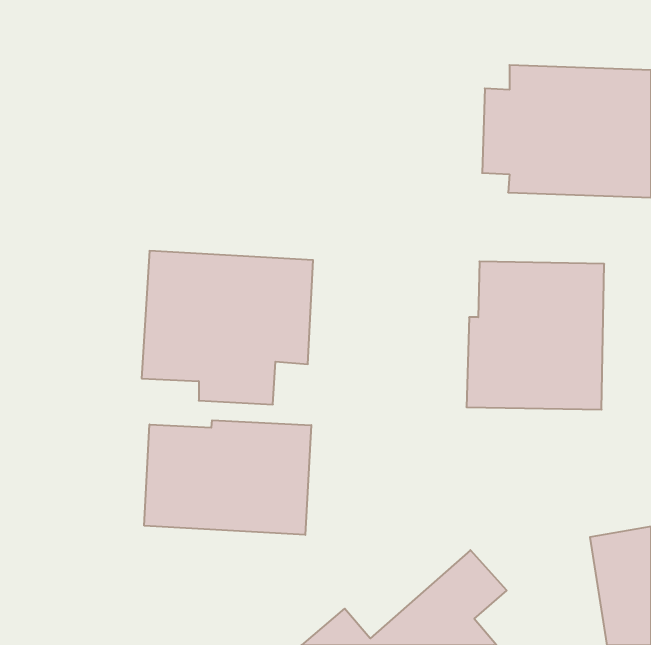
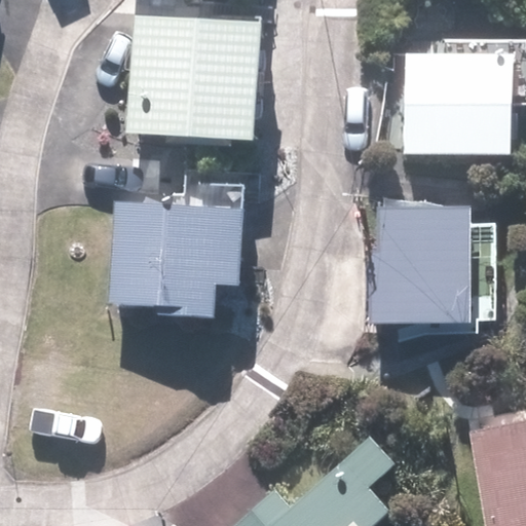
building: none -> [121,12,269,145]
building: [144,420,311,535] -> none

